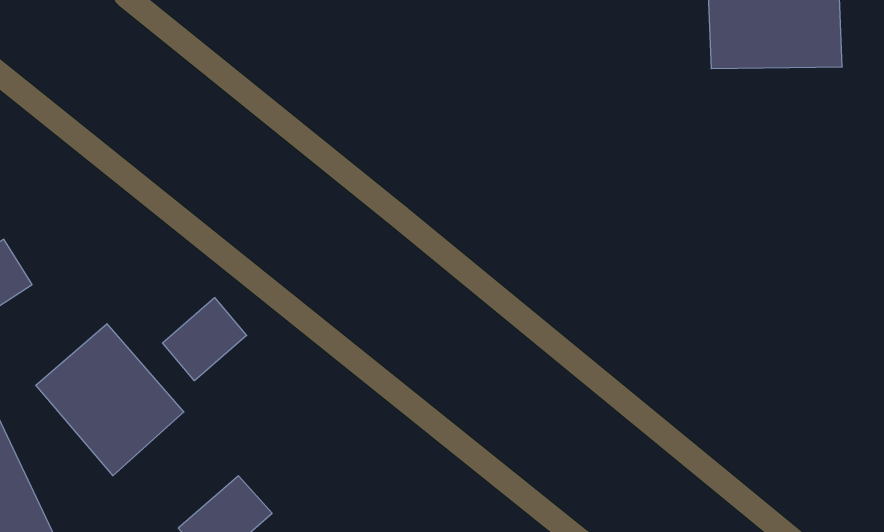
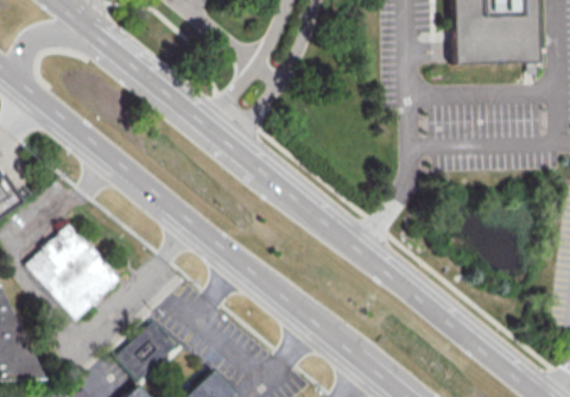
building: [163,298,247,381] -> none

